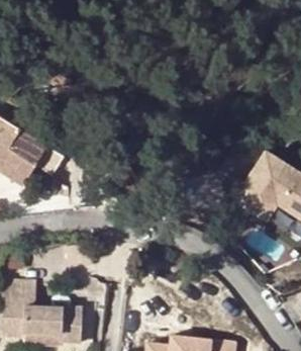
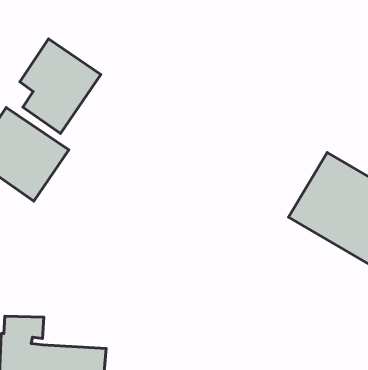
building: none -> [20,39,101,133]

